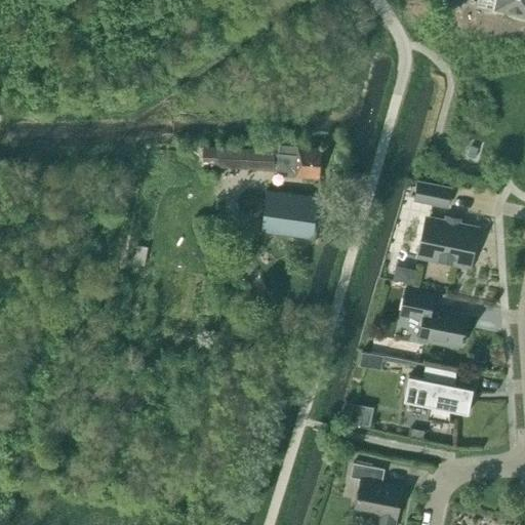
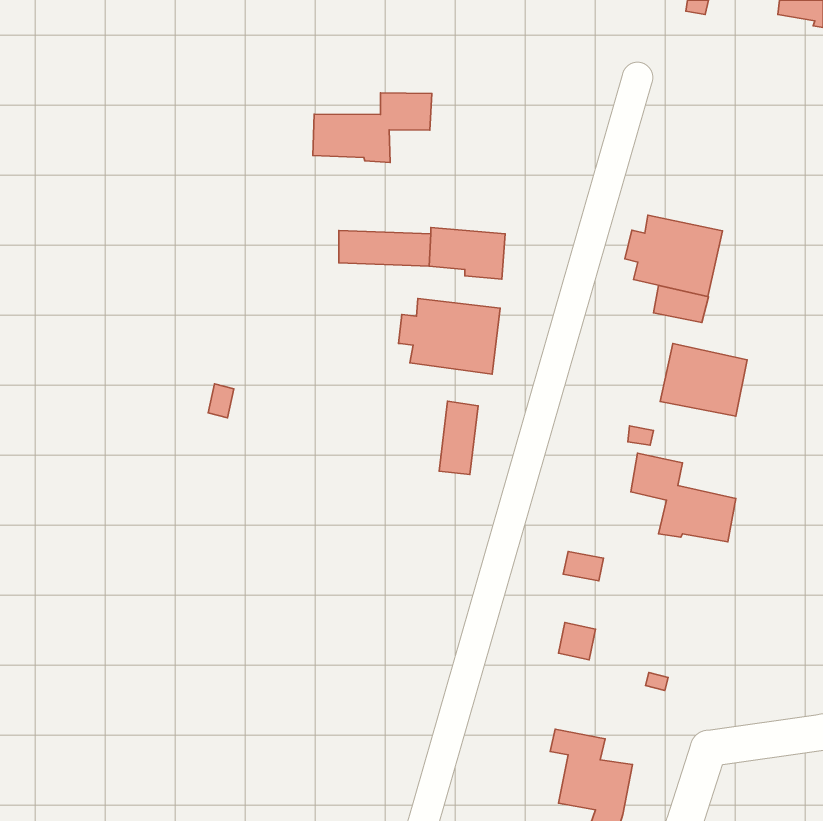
building: none -> [313,93,432,163]
building: none -> [625,215,723,297]
building: none -> [439,401,478,474]
building: [403,366,473,425] -> none

